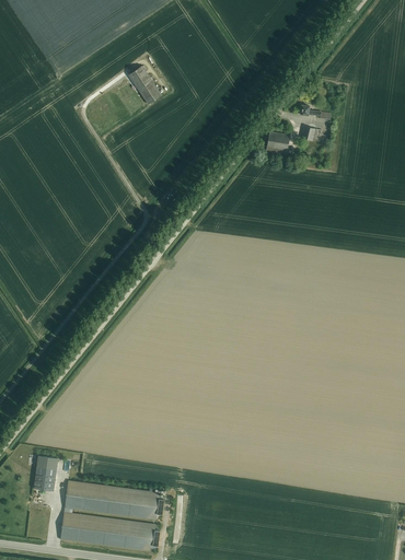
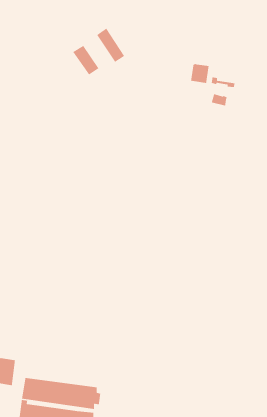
building: none -> [96,27,125,63]
building: [265,131,289,158] -> [190,63,210,84]

